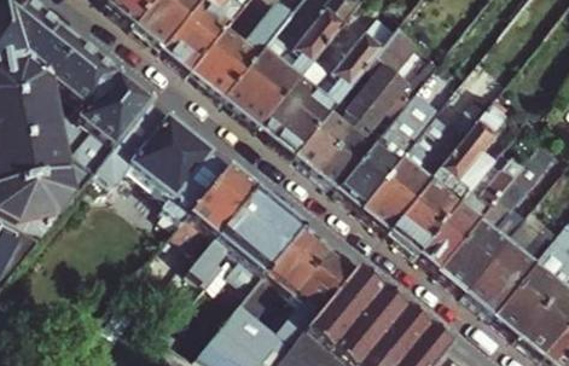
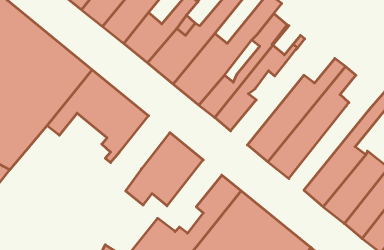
building: [338,74,443,204] -> none
building: [418,147,528,266] -> none
building: [186,164,255,237] -> none
building: [238,225,326,323] -> none

